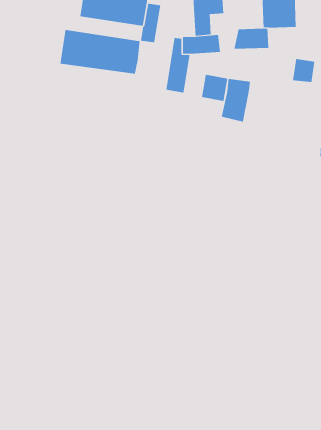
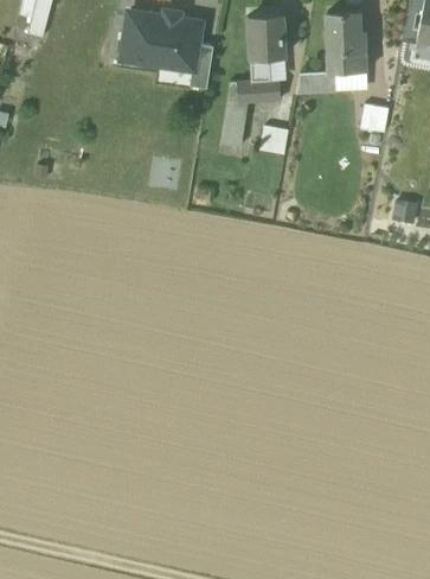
building: [60,29,140,75] -> none
building: [221,78,250,122] -> none

